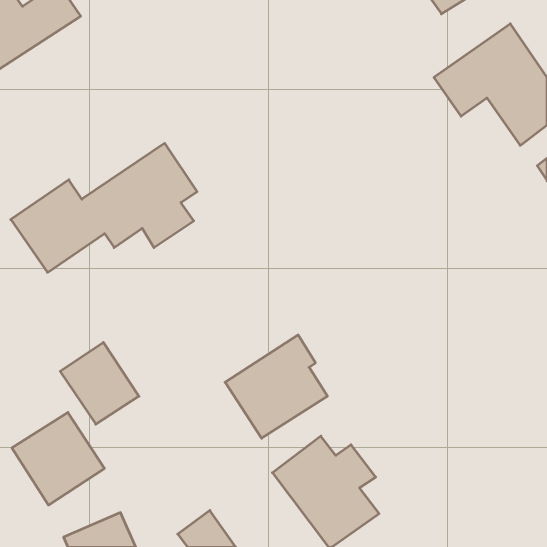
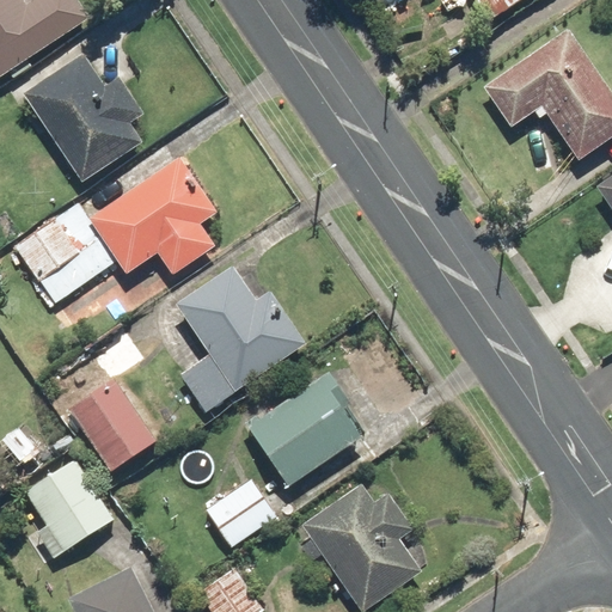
building: none -> [25,54,143,182]
building: none -> [179,267,305,410]
building: none -> [204,478,276,546]

